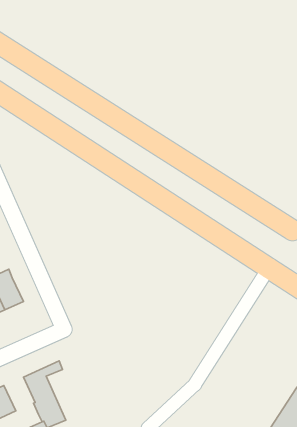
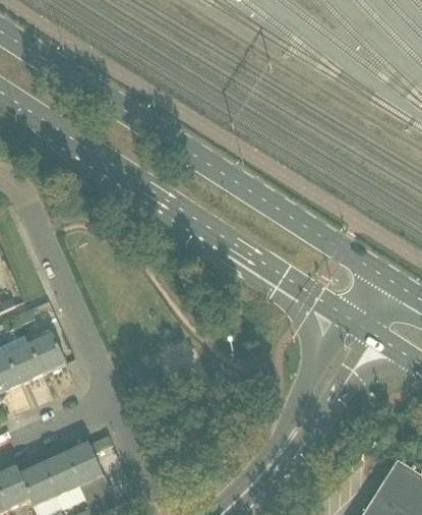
building: none -> [41,454,82,508]

